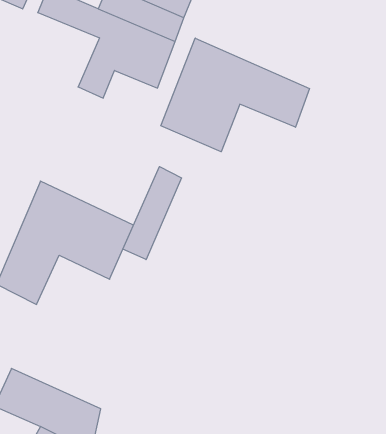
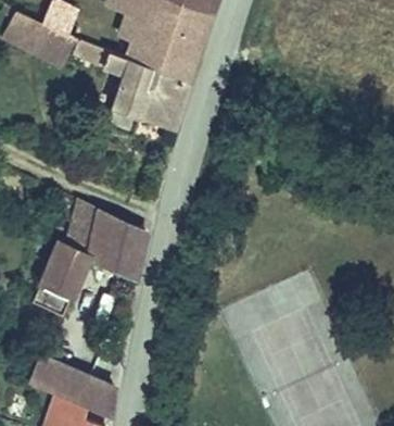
building: [161,38,309,152] -> none
building: [123,167,182,260] -> none

